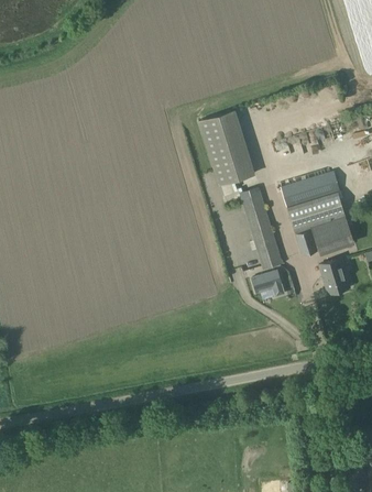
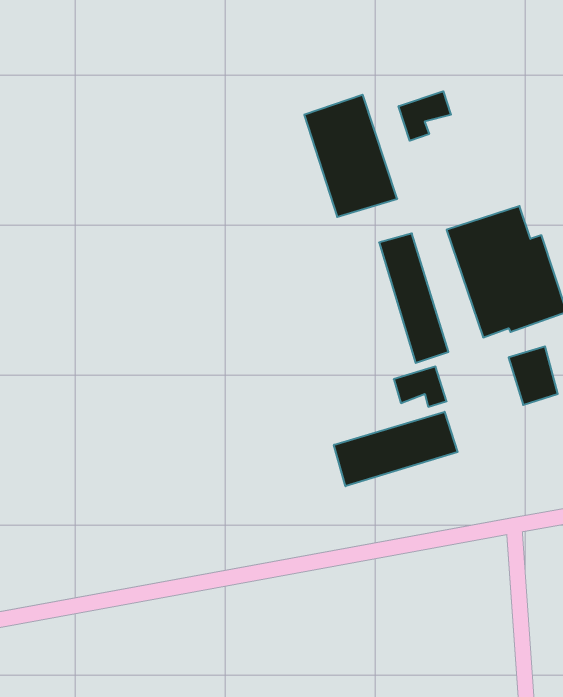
building: none -> [399,91,451,141]
building: none -> [334,412,458,486]

